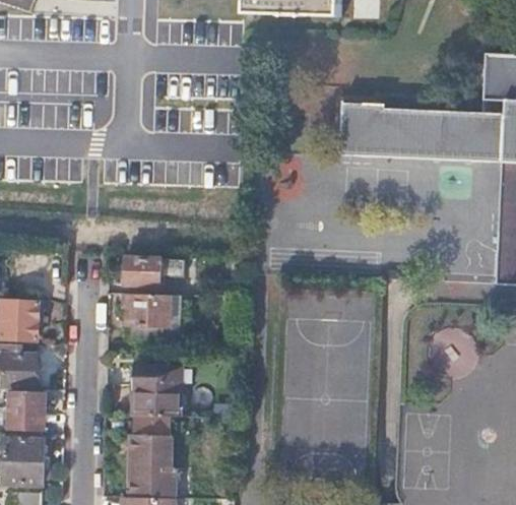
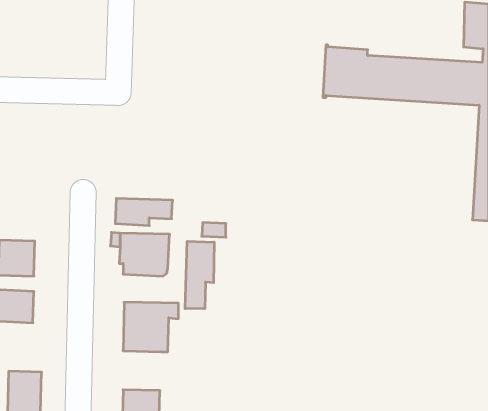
building: none -> [185,241,214,309]
building: [11,392,46,434] -> none
building: [129,417,171,458] -> none

